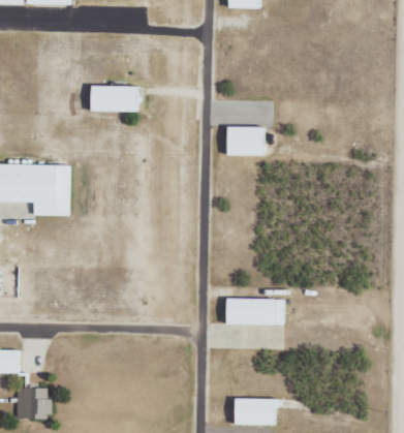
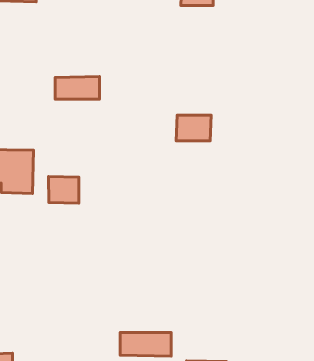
building: none -> [49,177,79,203]
building: [227,299,283,324] -> [120,332,171,356]

